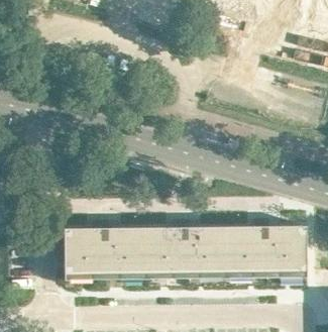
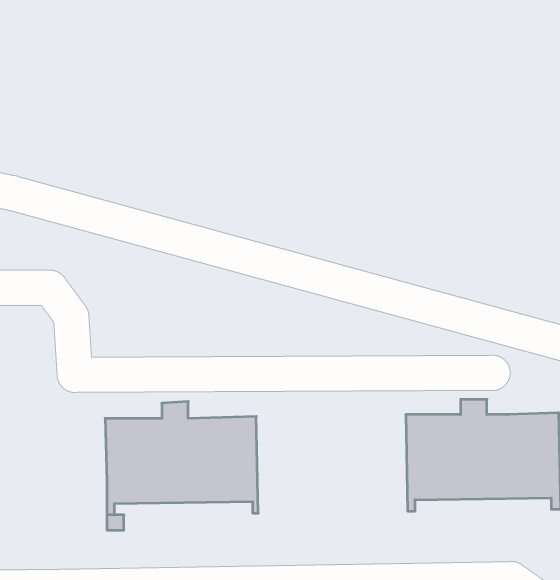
building: [143,220,224,280] -> none

